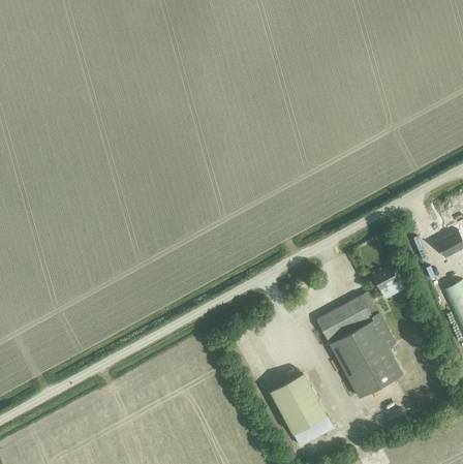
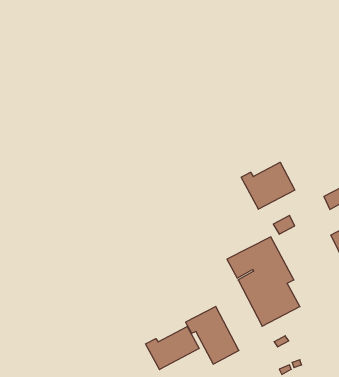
building: none -> [241,162,295,209]
building: none -> [146,326,199,370]

